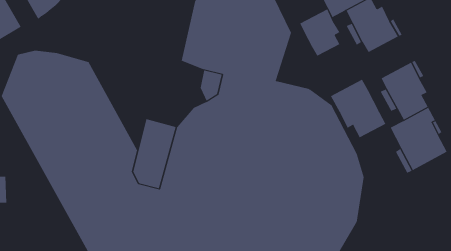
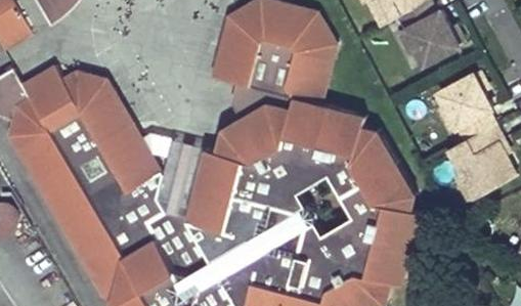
building: [300,9,340,57] -> none
building: [330,79,386,138] -> none

